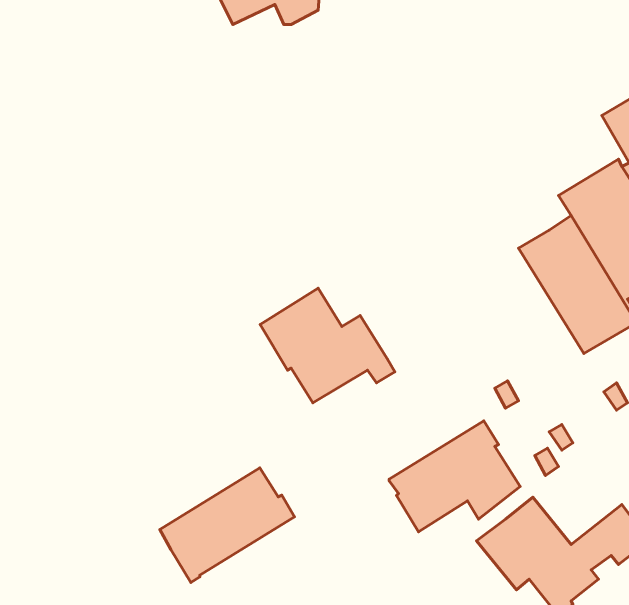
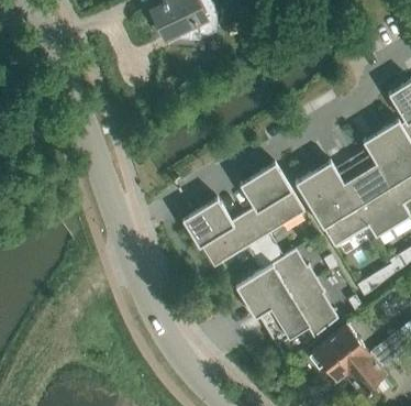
building: none -> [295,161,377,248]
building: none -> [238,163,304,249]
building: [160,468,294,582] -> [235,249,316,318]

